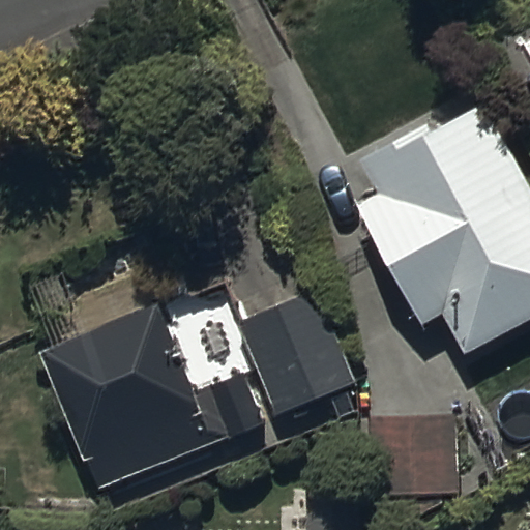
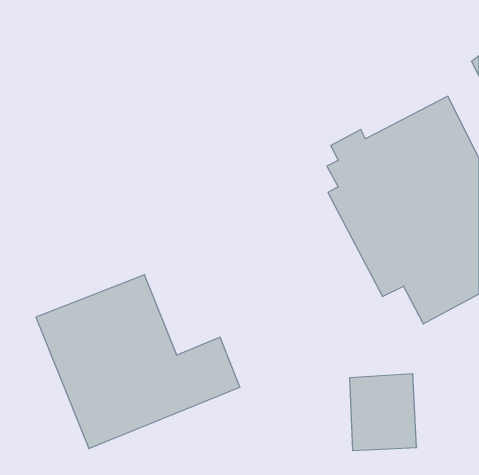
building: [240,288,354,413] -> none

